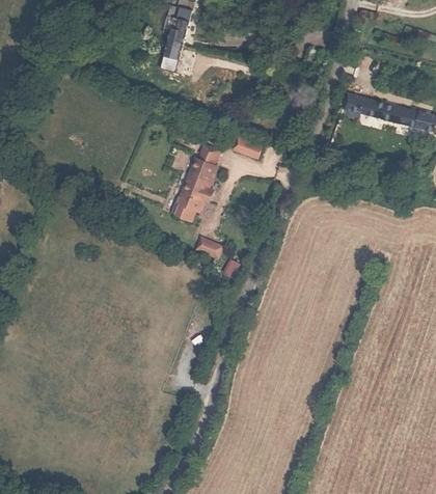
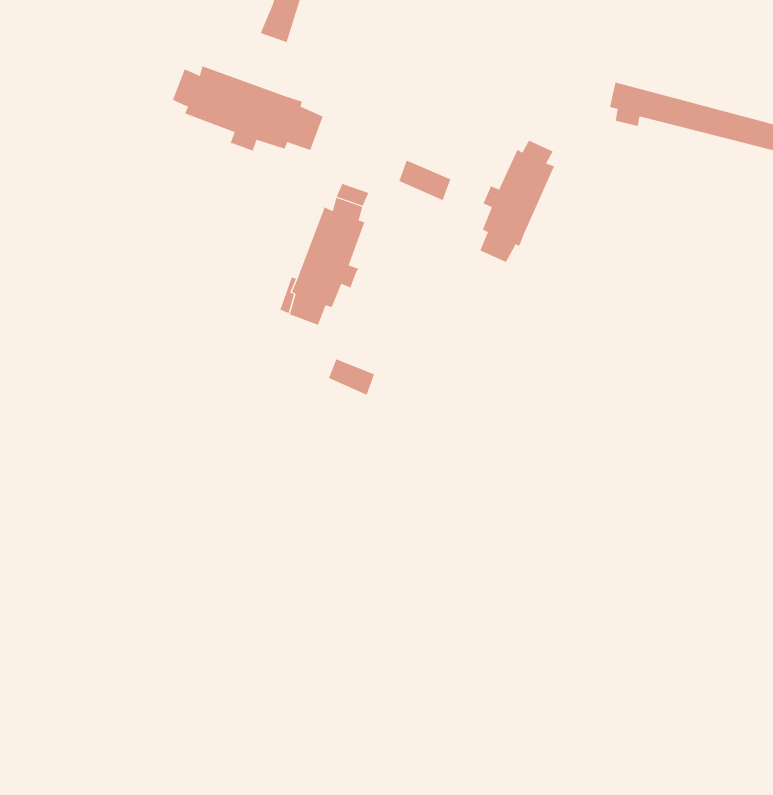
building: none -> [172,65,324,152]
building: none -> [479,140,555,264]

